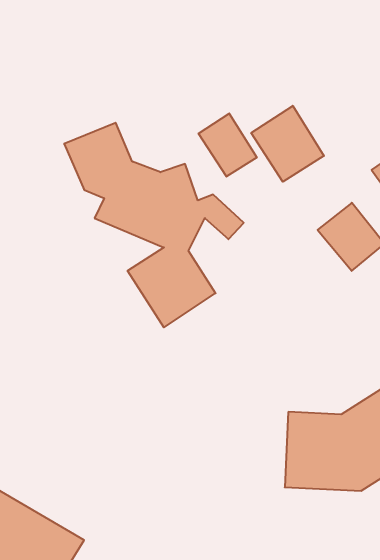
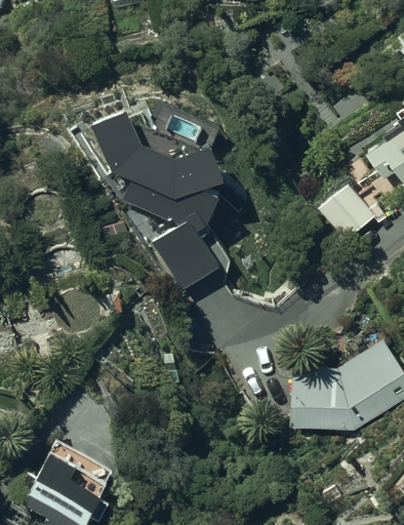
building: [251,106,324,182] -> none
building: [199,113,257,177] -> none

